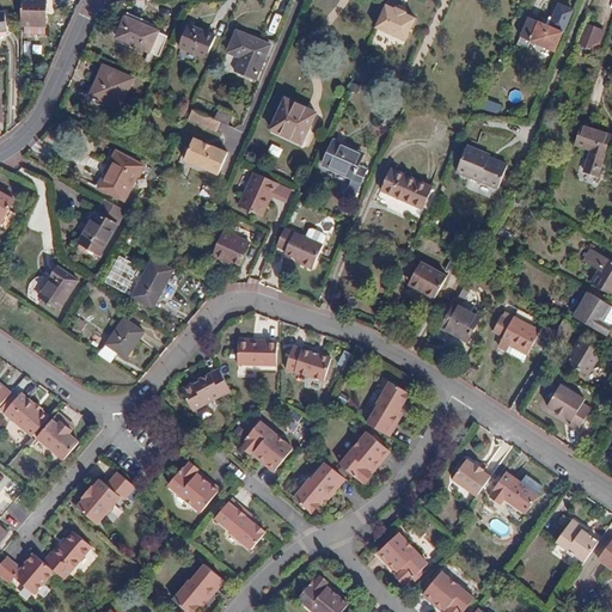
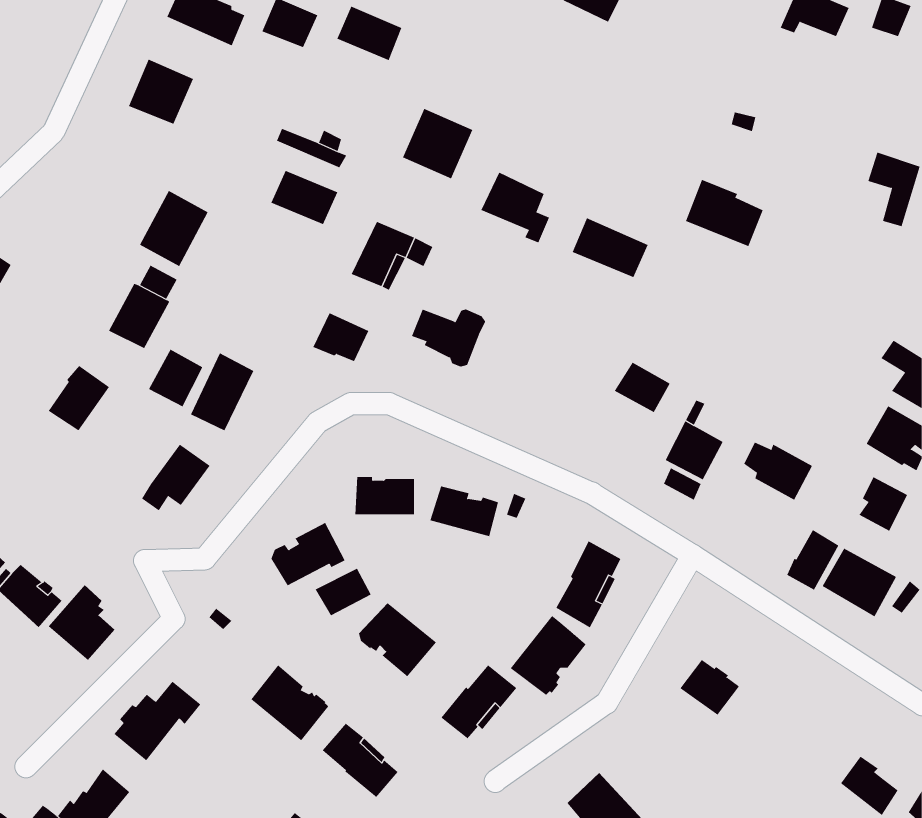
building: none -> [787,529,839,590]
building: none -> [315,568,371,616]
building: [489,473,540,514] -> none

